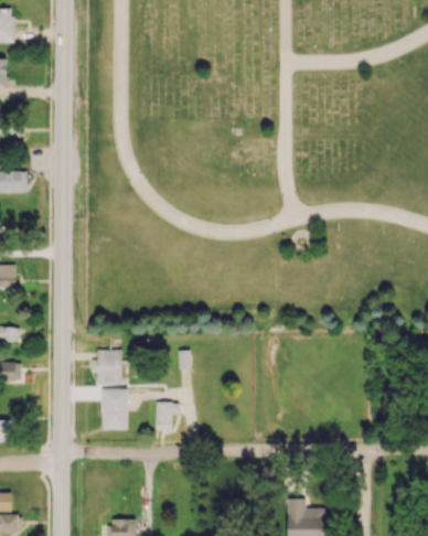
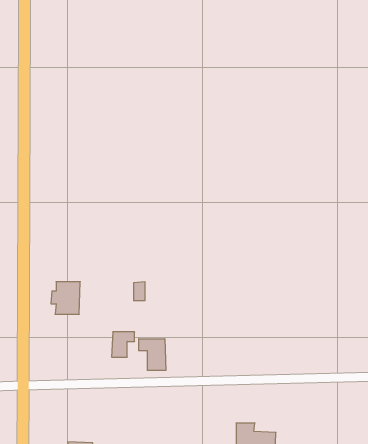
building: [100,389,127,429] -> none
building: none -> [139,339,166,370]

